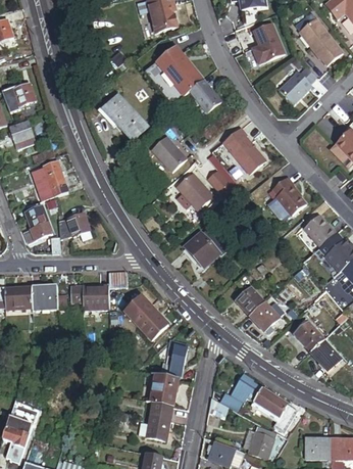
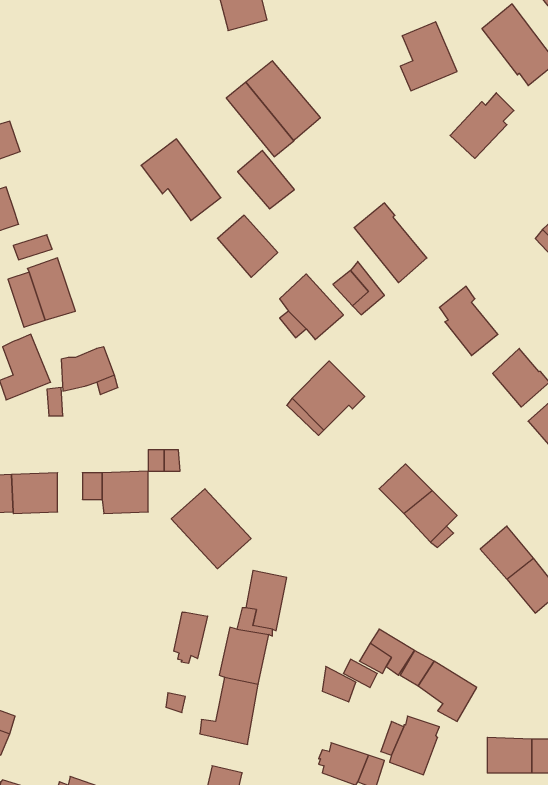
building: [193,81,225,114] -> [238,150,294,209]
building: none -> [174,612,208,663]

